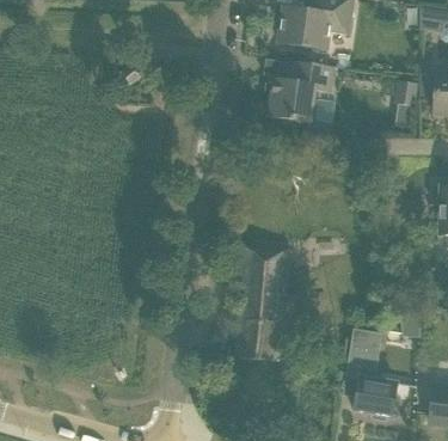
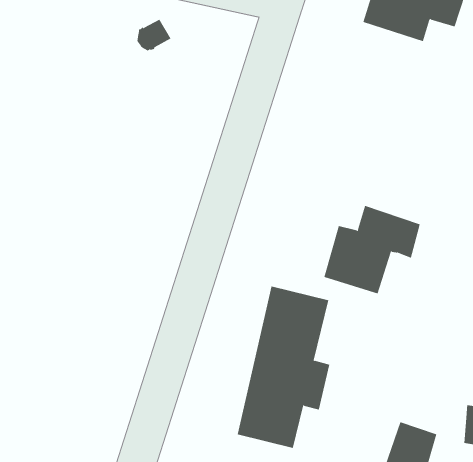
building: [269,60,333,123] -> [323,205,421,294]

